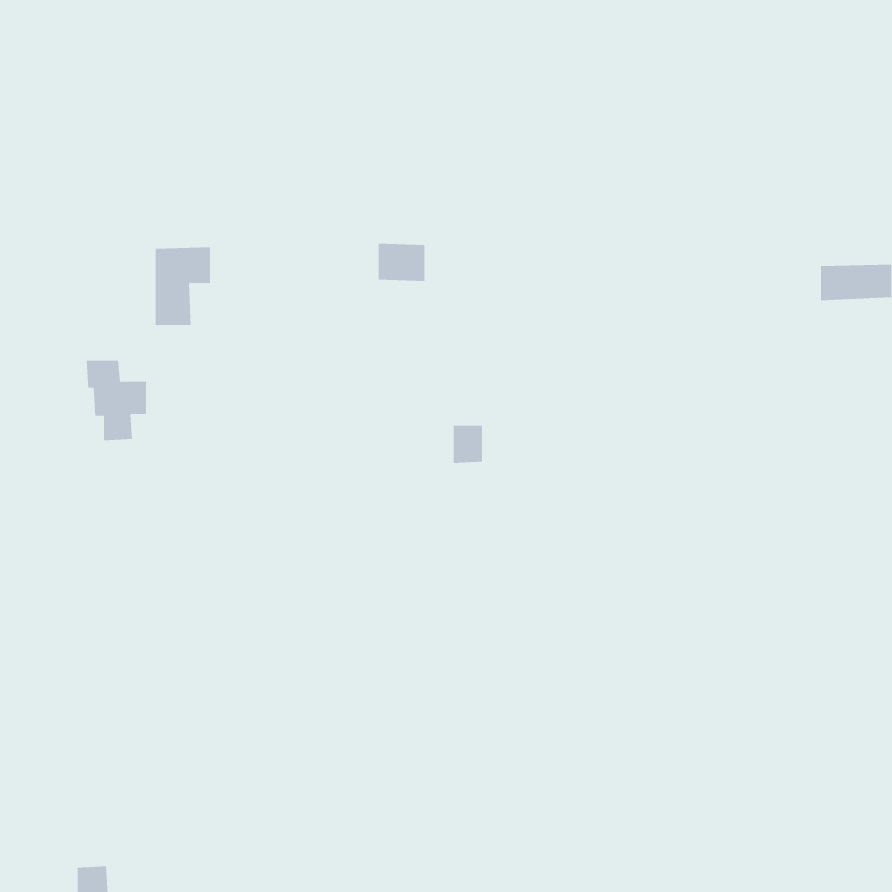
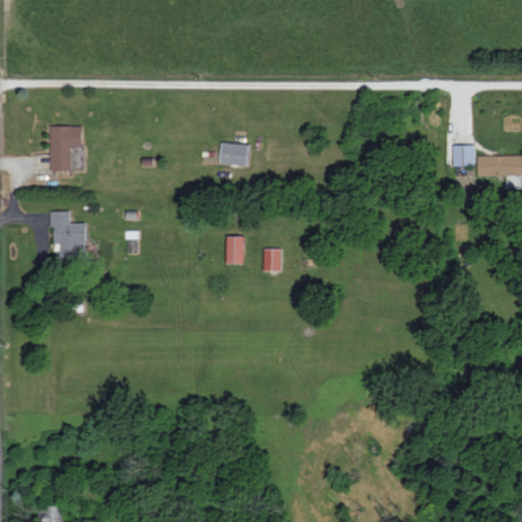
building: none -> [453,145,474,166]
building: [155,247,211,326] -> [50,125,83,171]
building: none -> [227,237,245,264]

